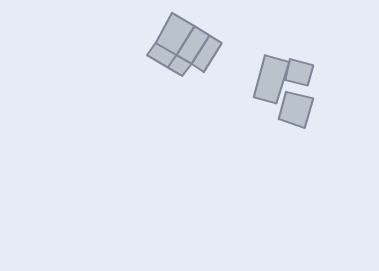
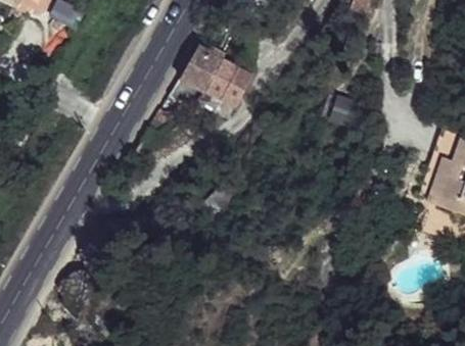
building: [254,55,289,104] -> none
building: [279,92,313,128] -> none

